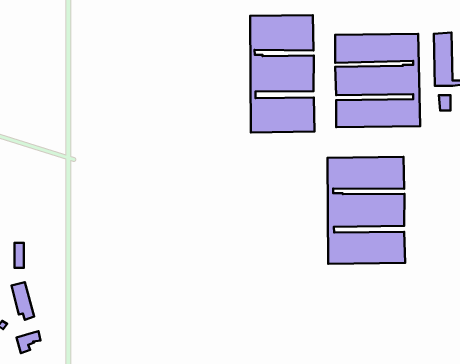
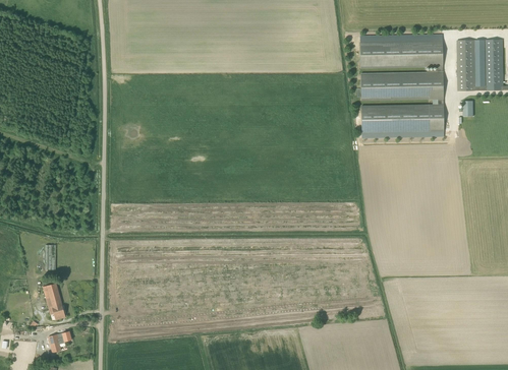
building: [250,15,314,132] -> none
building: [328,157,405,264] -> none

